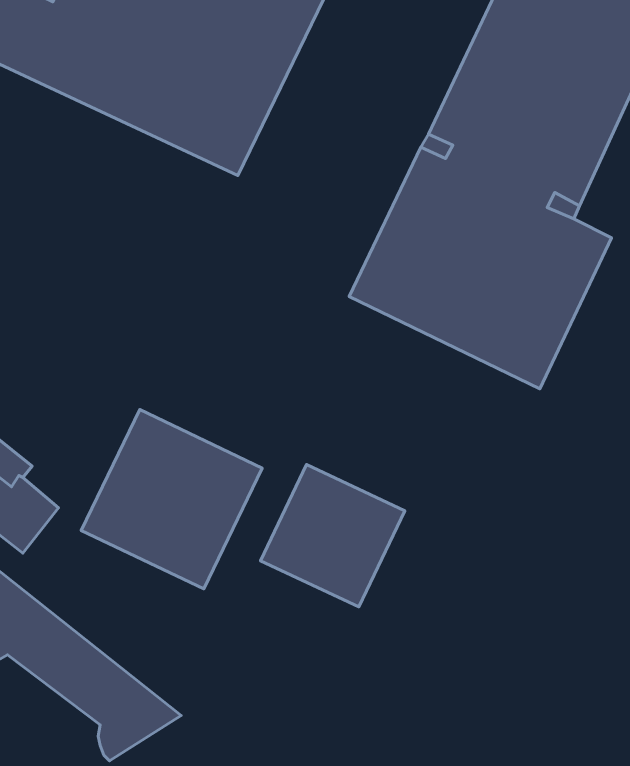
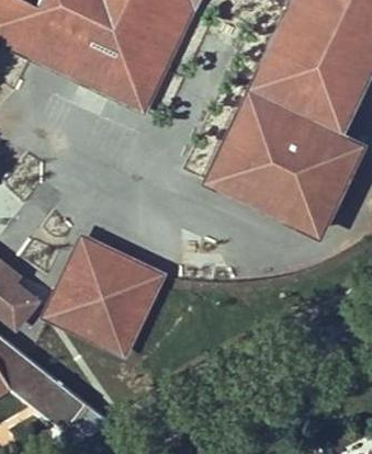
building: [261,465,405,607] -> none

